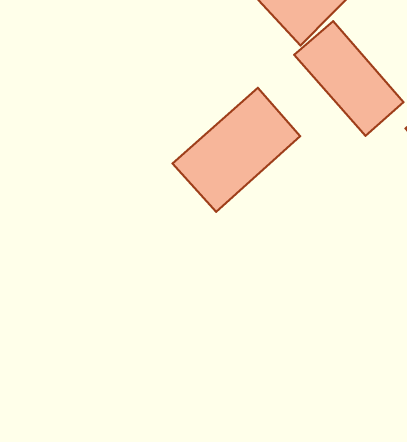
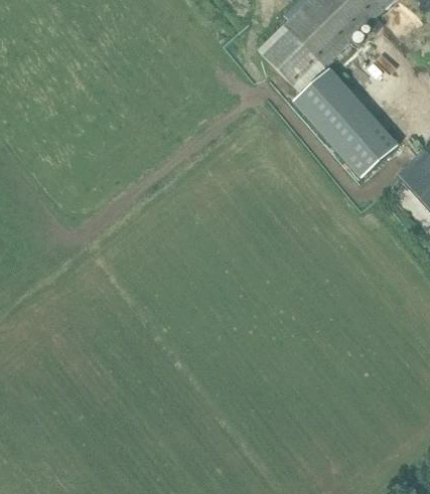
building: [172,88,300,212] -> none

